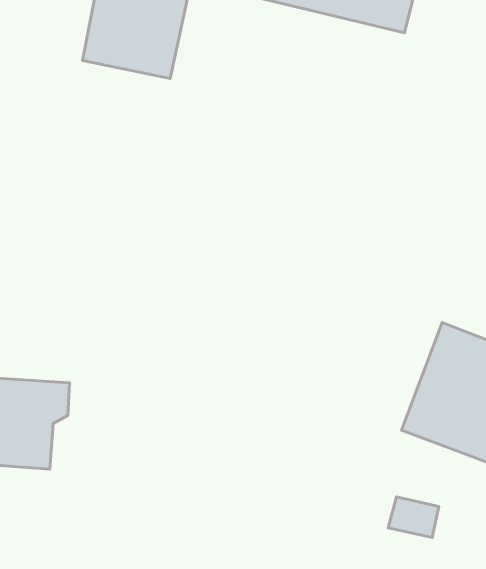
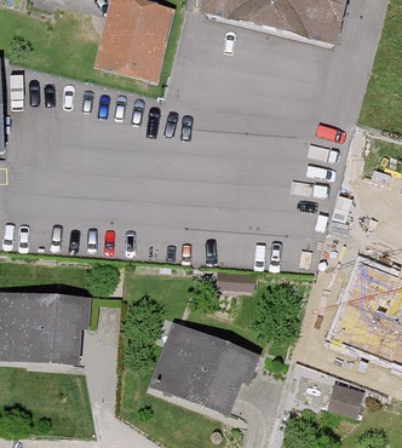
building: none -> [148,326,254,417]

